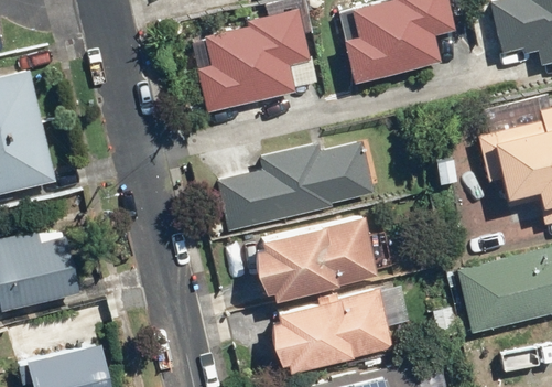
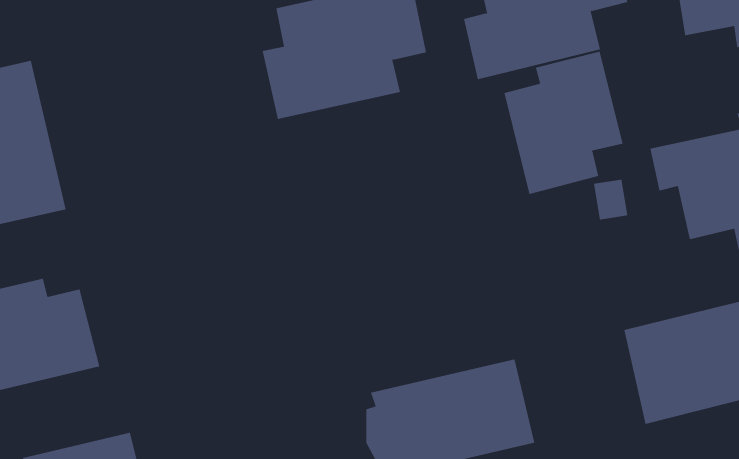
building: none -> [504,51,623,195]
building: [217,142,375,232] -> none
building: [253,215,377,302] -> none

